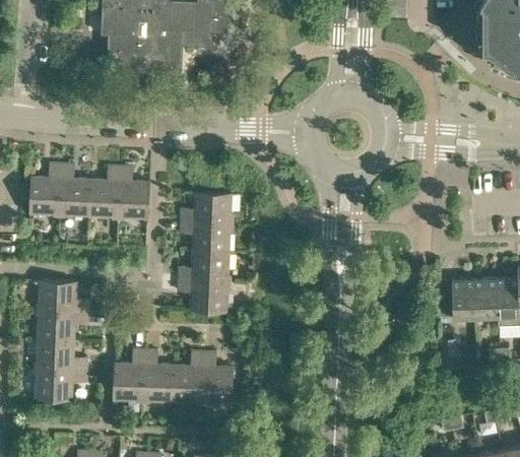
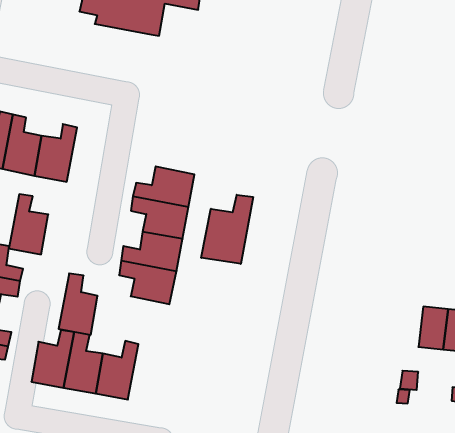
building: [118,168,148,218] -> [9,194,48,254]
building: none -> [201,195,253,264]
building: [201,352,232,404] -> [59,273,98,335]

